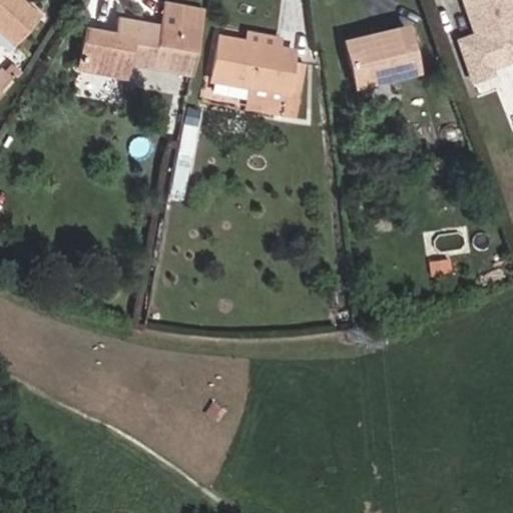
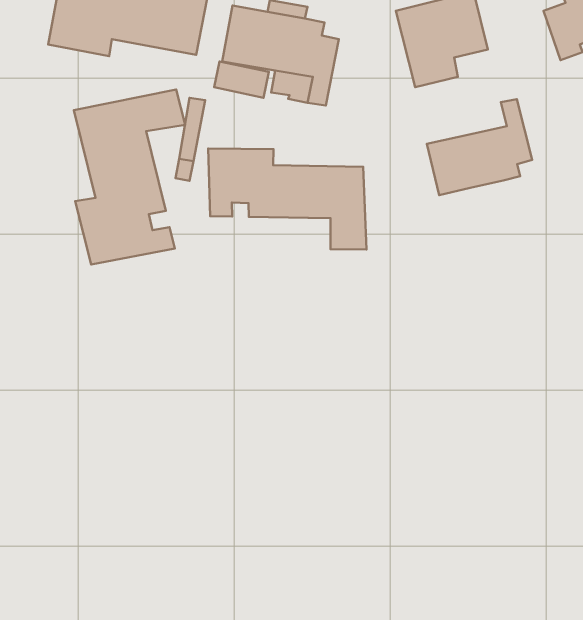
building: none -> [74,90,185,265]
building: none -> [427,99,532,195]
building: none -> [208,148,366,250]

